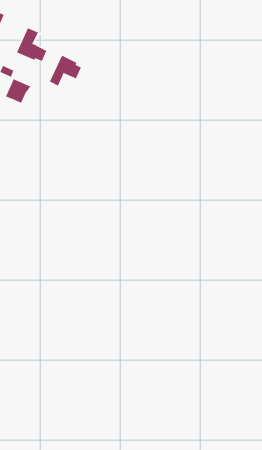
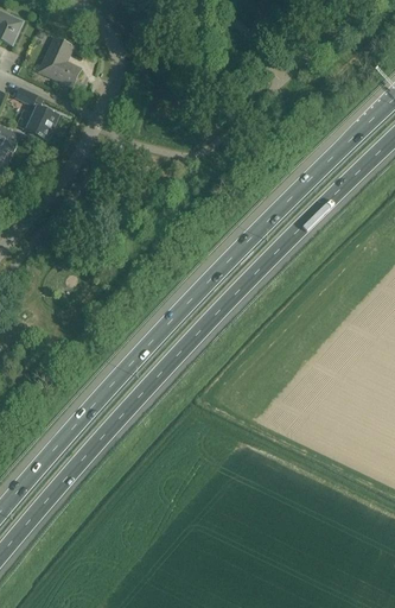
building: [49,55,83,88] -> none

